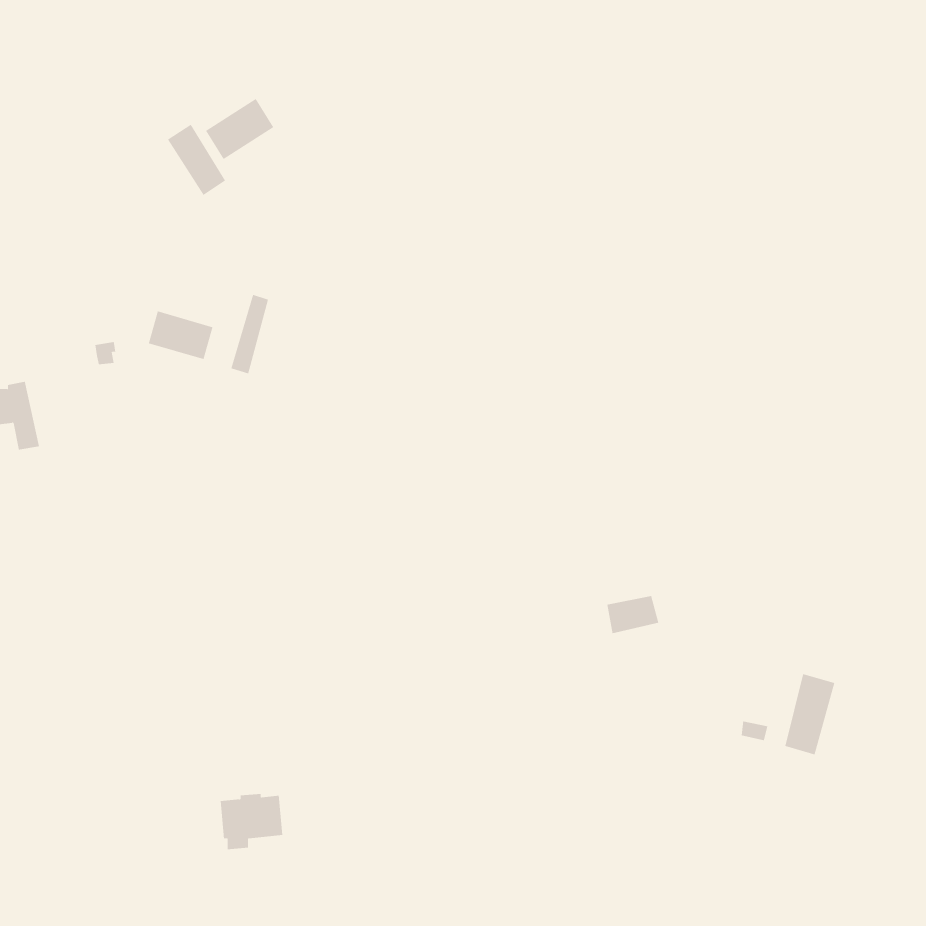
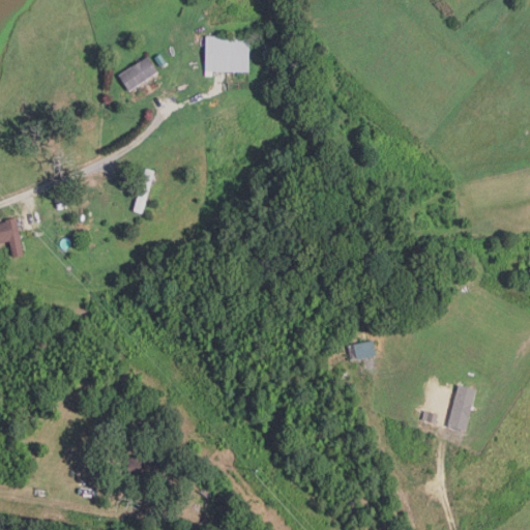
building: none -> [204,37,247,73]
building: [167,124,226,196] -> none
building: [148,311,213,360] -> none

